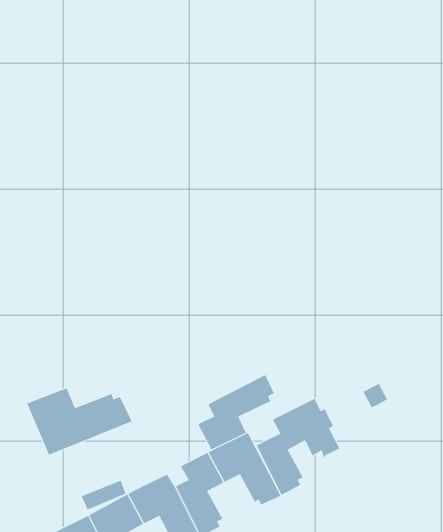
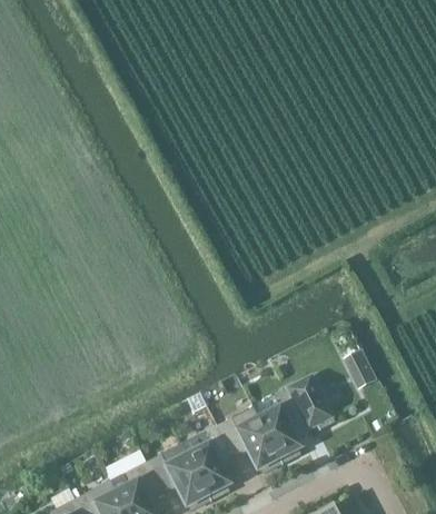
building: [198,373,275,450] -> none
building: [27,388,134,456] -> none

